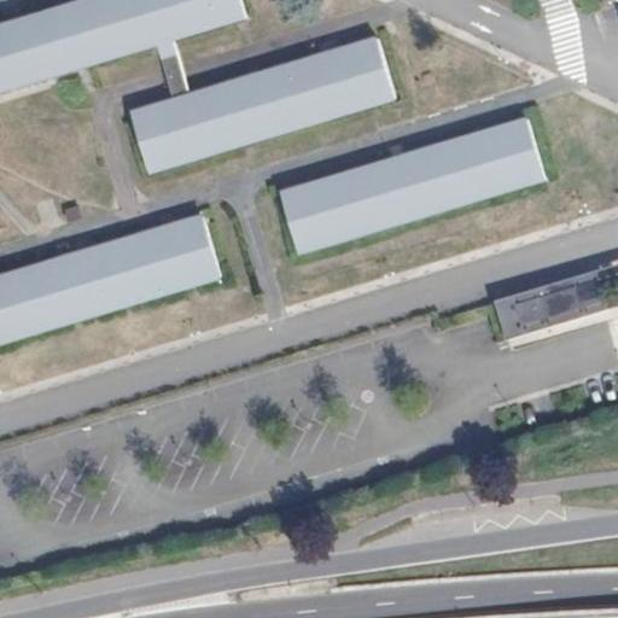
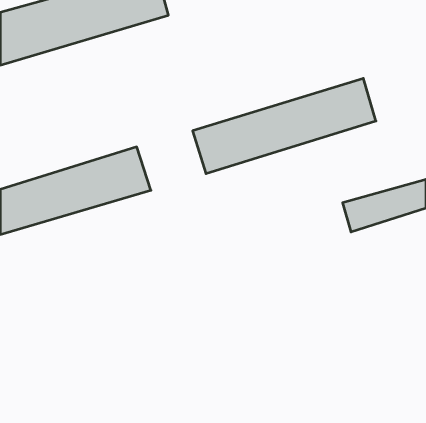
building: [127,37,392,180] -> none

